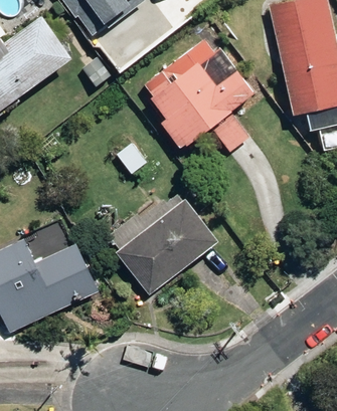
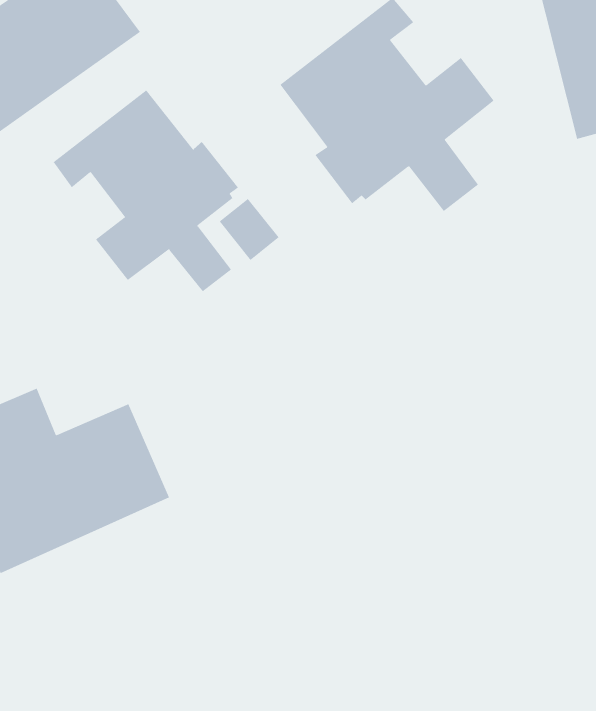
building: none -> [53,90,239,292]
building: [112,204,211,298] -> none

